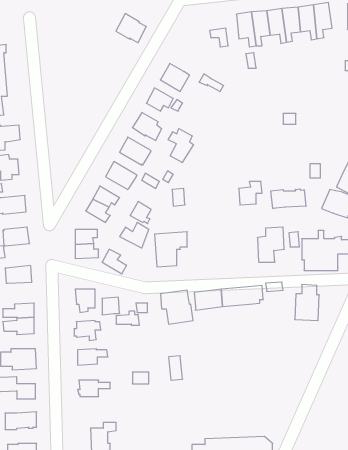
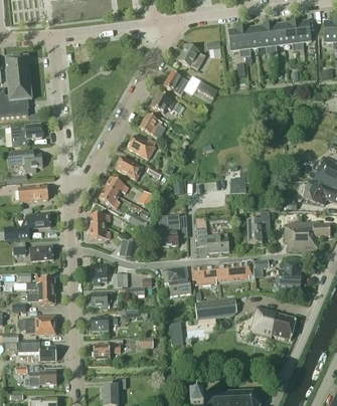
building: [116,14,146,43] -> [178,44,204,69]
building: [168,129,193,163] -> none
building: [271,189,306,209] -> none
building: none -> [195,219,228,252]
building: none -> [195,291,236,320]
building: none -> [249,304,296,340]

